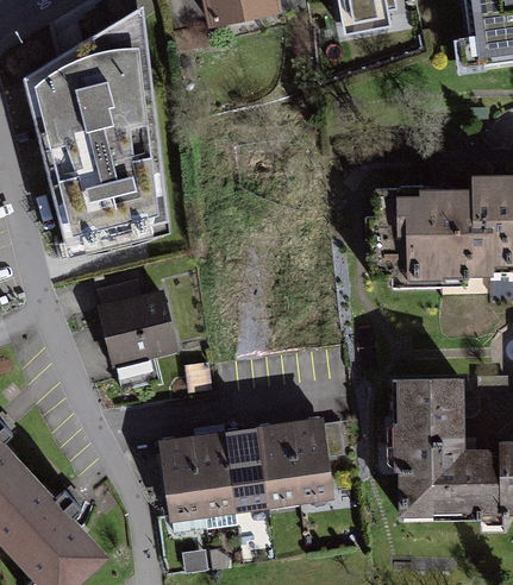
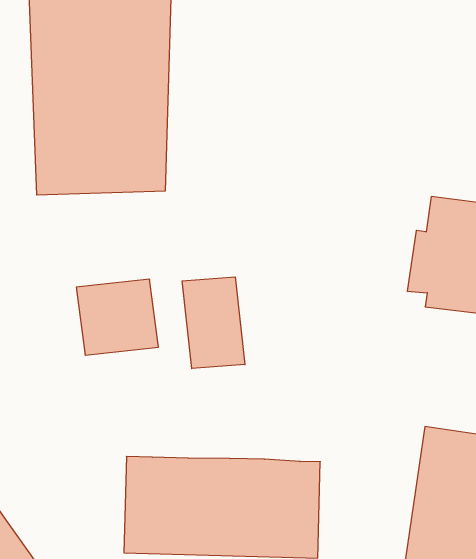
building: none -> [182,277,245,369]

